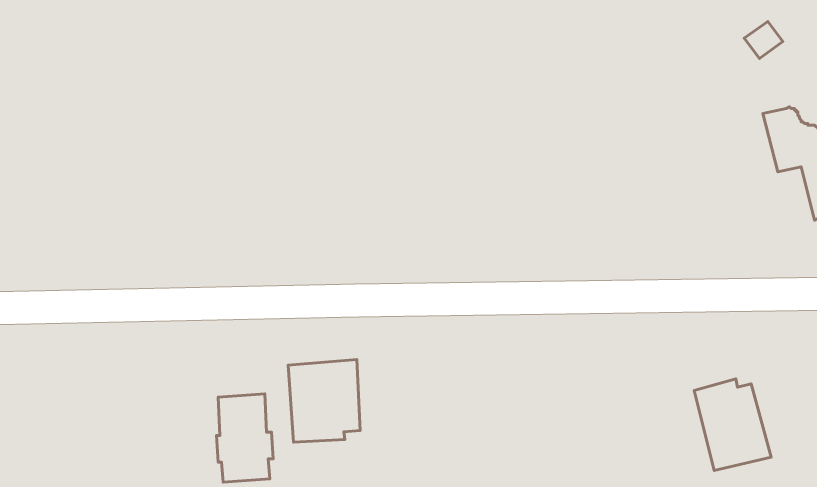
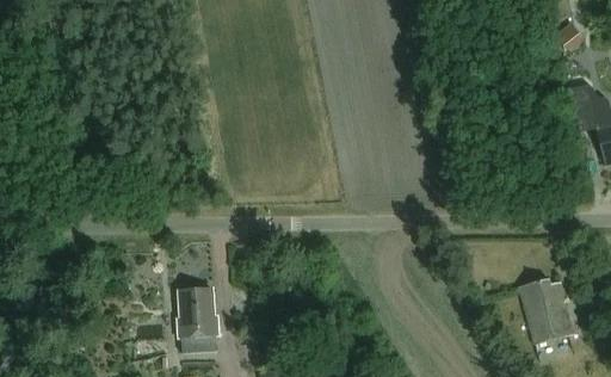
building: [288,360,360,442] -> none

